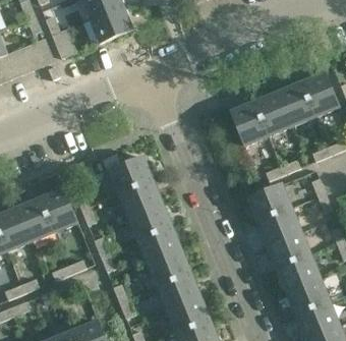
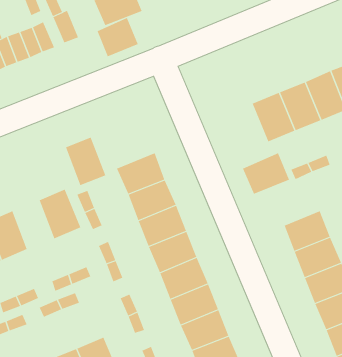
building: none -> [97,17,139,57]
building: [248,183,291,221] -> [242,153,290,195]
building: [16,198,53,242] -> [65,137,106,186]

